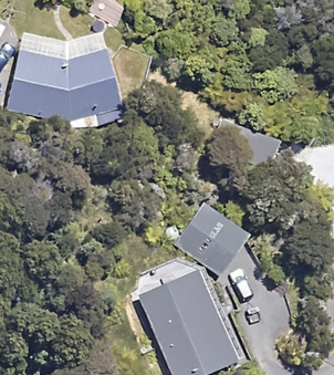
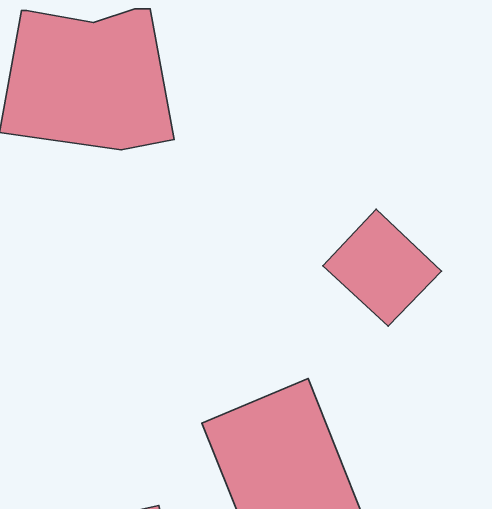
building: [174,200,250,275] -> [323,209,441,326]

